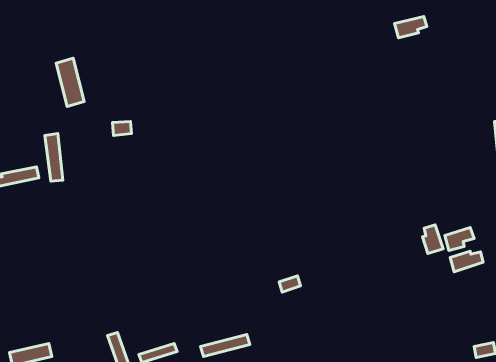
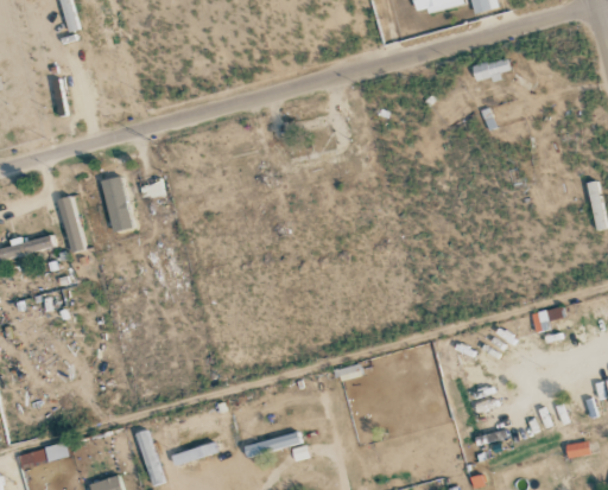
building: [56,58,84,107] -> [100,176,133,233]
building: [422,225,443,253] -> none
building: [450,251,483,272] -> none

